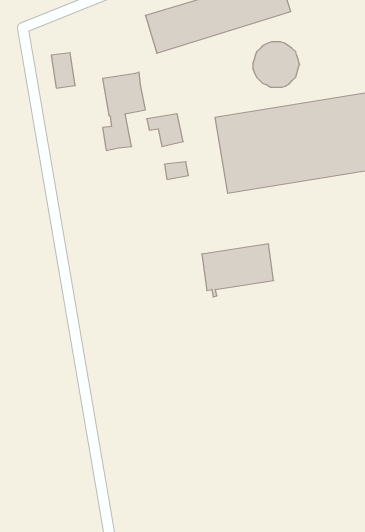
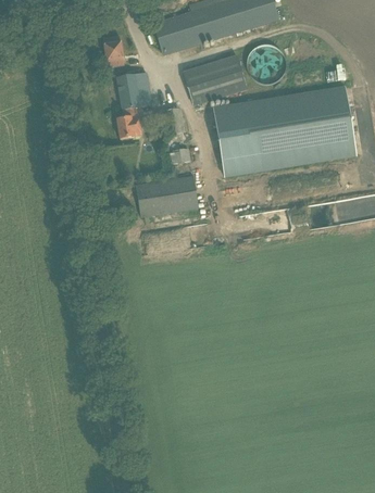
building: [51,53,75,88] -> [103,36,124,66]
building: none -> [182,54,247,106]
building: [202,244,274,297] -> [136,176,198,222]

